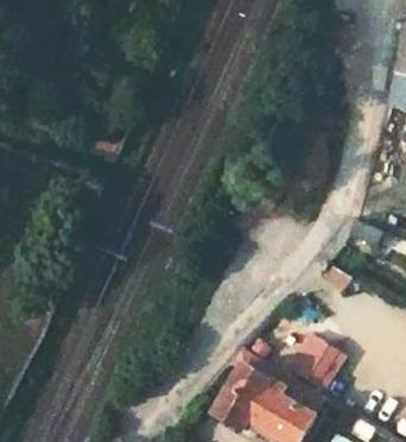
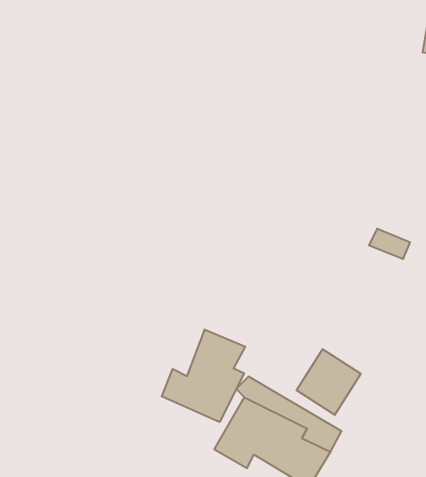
building: none -> [162,329,245,422]

